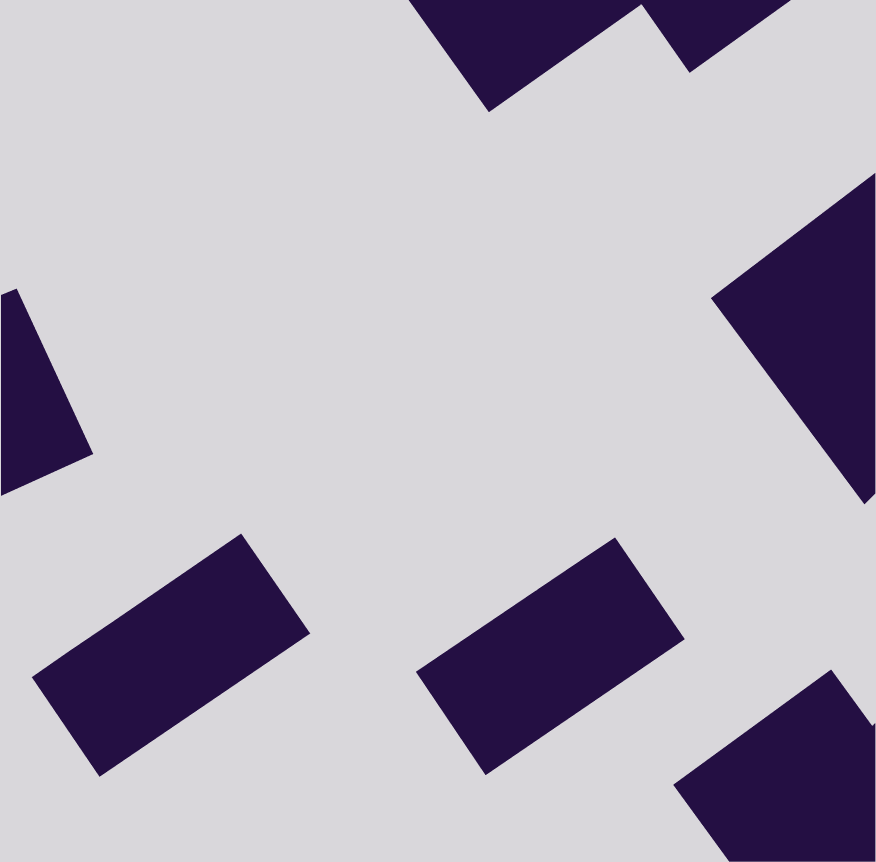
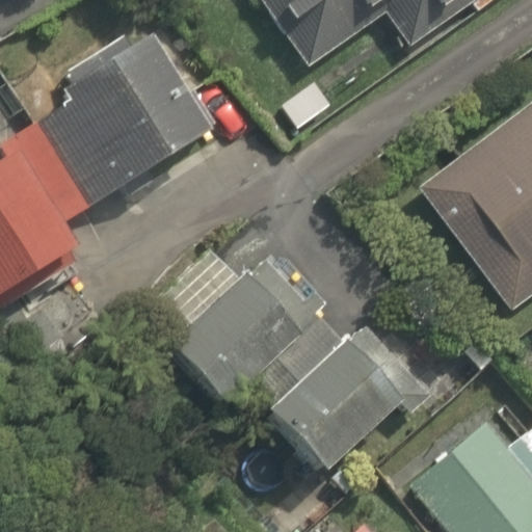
building: none -> [43,60,200,217]
building: none -> [178,256,351,419]
building: [31,532,311,778] -> none

